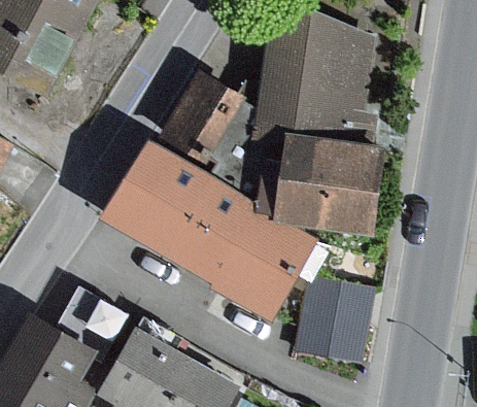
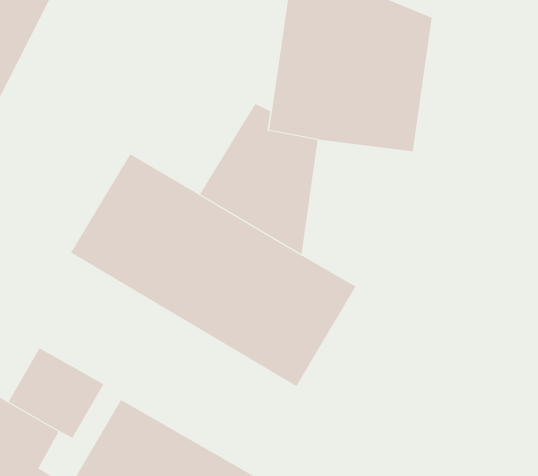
building: [156,67,243,162] -> none
building: [276,129,387,231] -> none
building: [293,278,372,368] -> none

